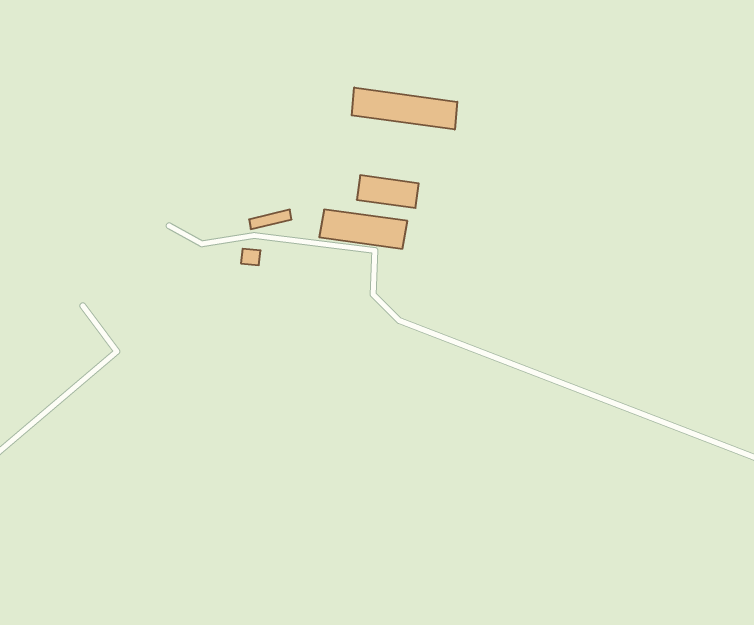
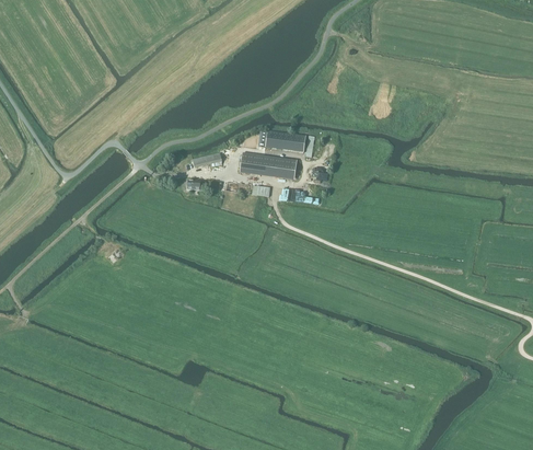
building: [352,87,457,130] -> none

